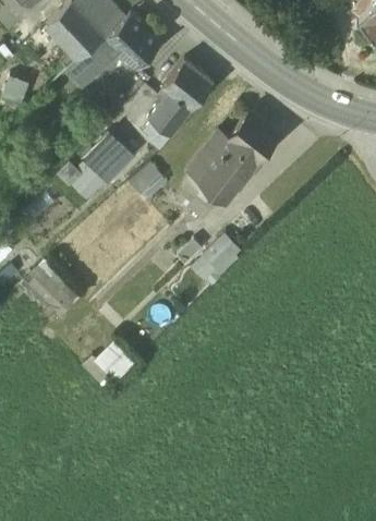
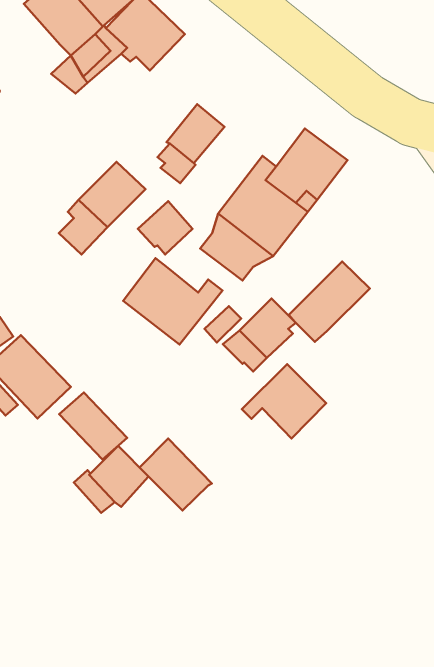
building: [161,59,211,109] -> none
building: none -> [123,258,222,345]
building: none -> [289,261,370,342]
building: none -> [242,364,326,438]
building: none -> [59,393,127,460]
building: none -> [139,438,212,510]

